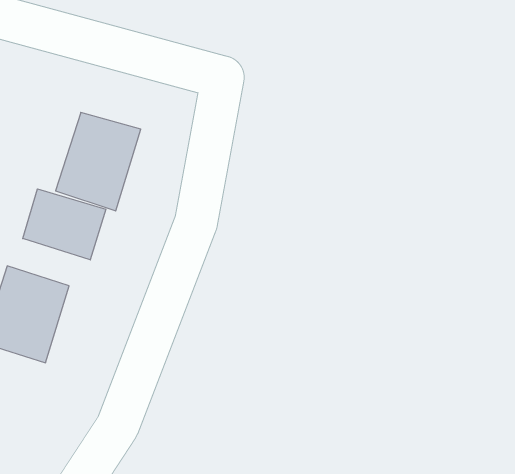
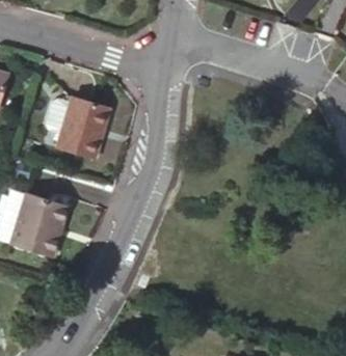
building: [23,189,106,260] -> none

